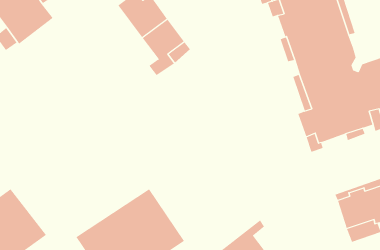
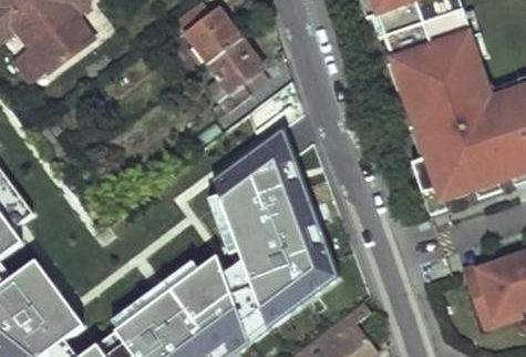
building: none -> [218,133,336,322]

